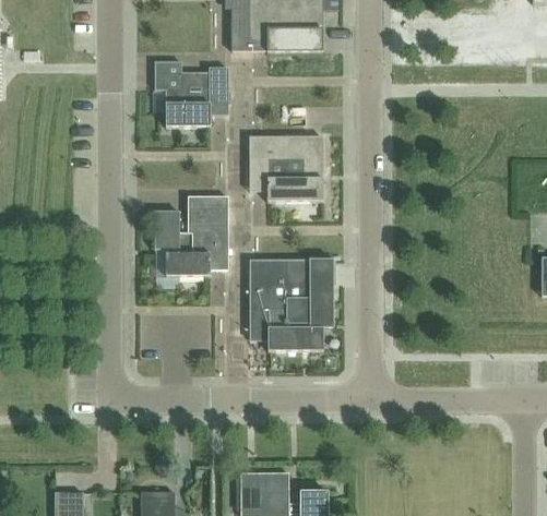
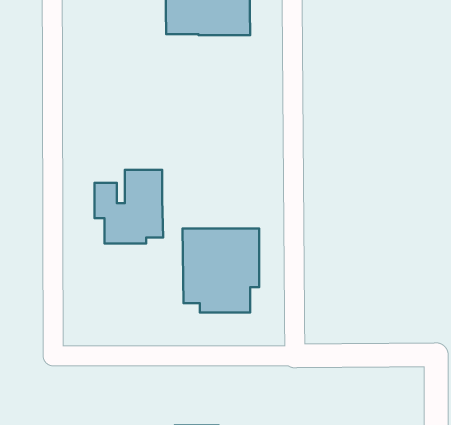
building: [154,61,227,127] -> none
building: [249,135,322,202] -> none

